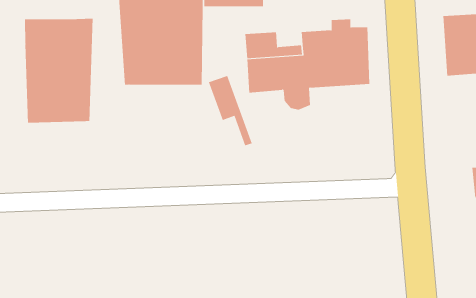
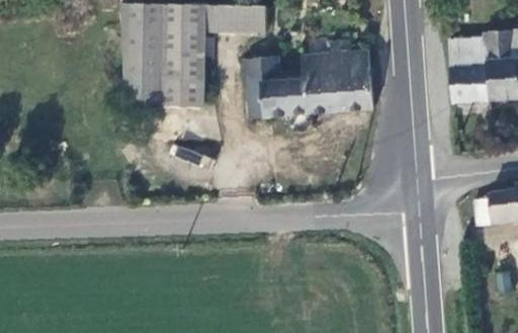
building: [24,18,93,123] -> none
building: [208,75,253,146] -> none

